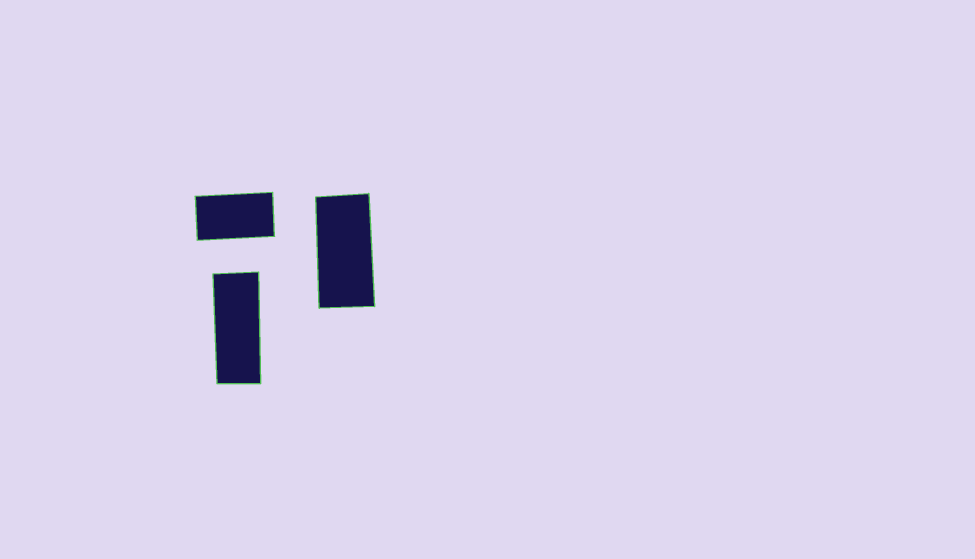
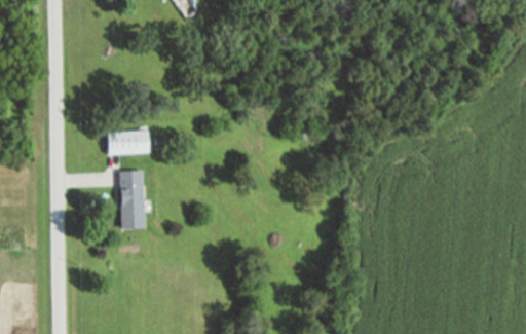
building: [316,193,375,308] -> none

